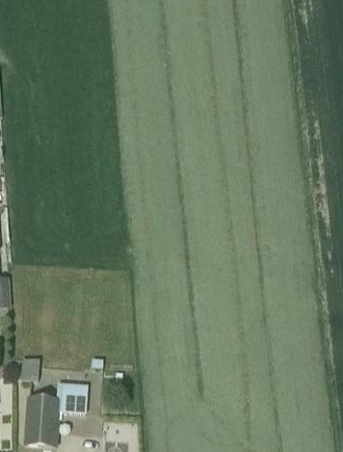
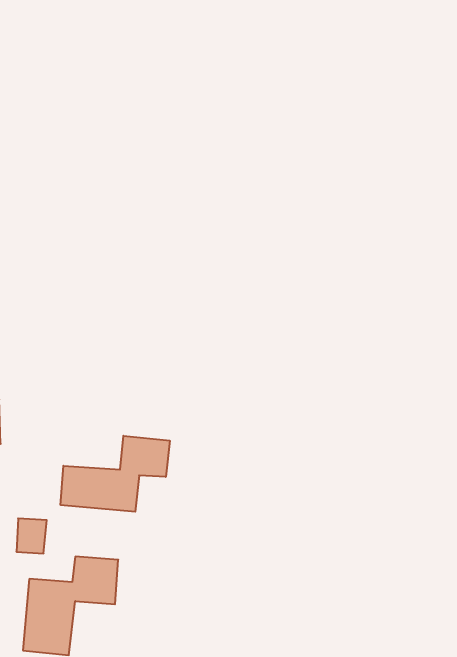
building: none -> [61,436,170,512]

